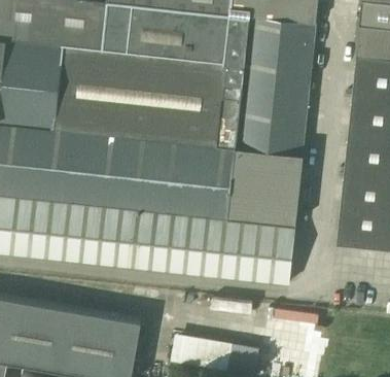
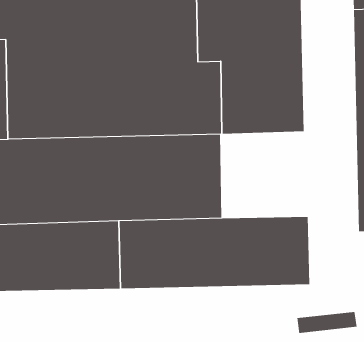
building: [222,146,304,226] -> none

